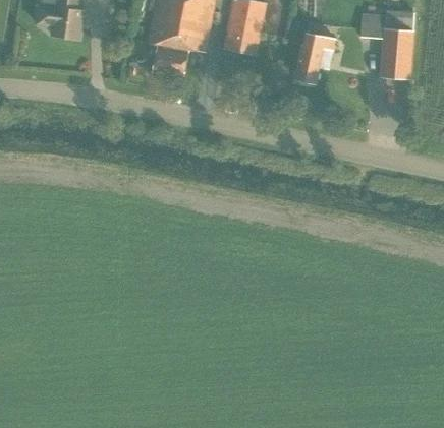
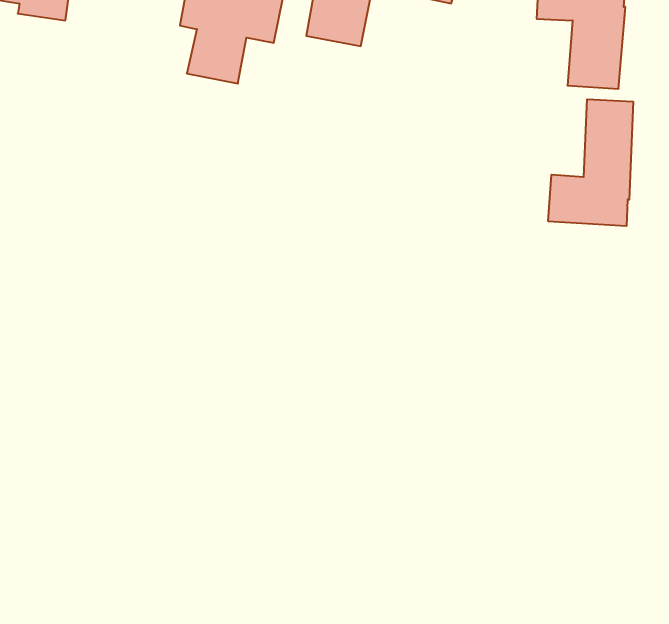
building: [295,30,336,82] -> none
building: none -> [548,99,633,226]

